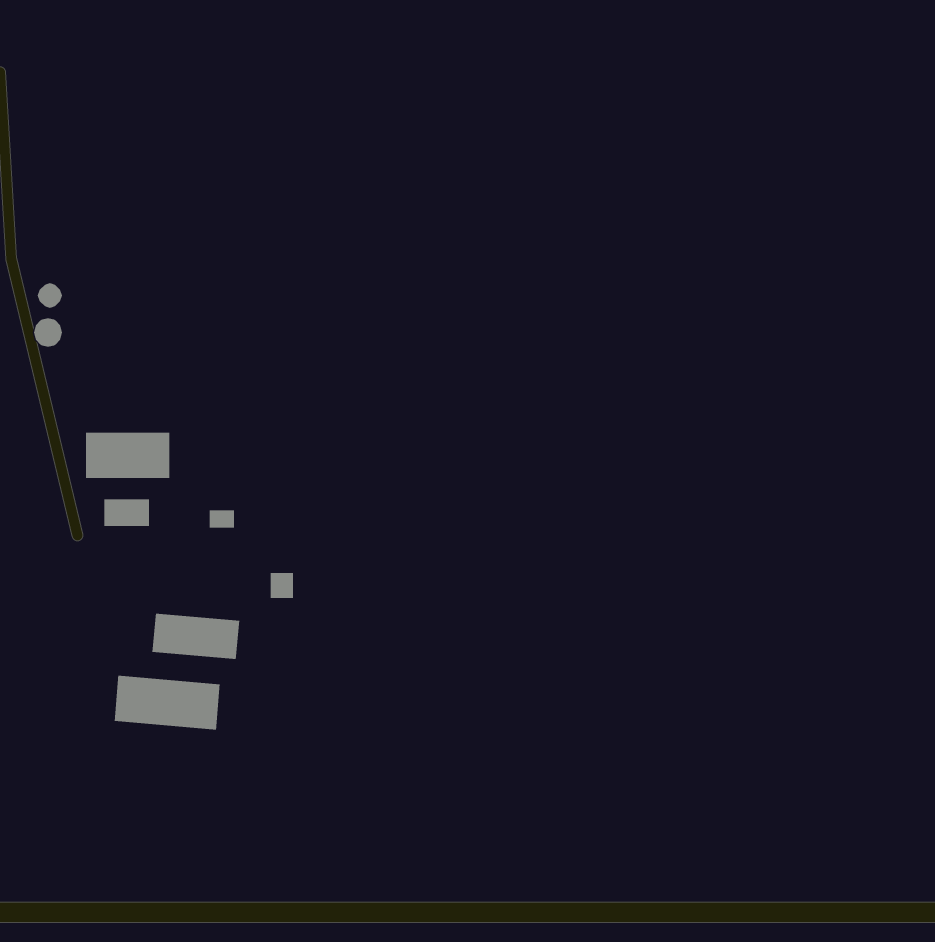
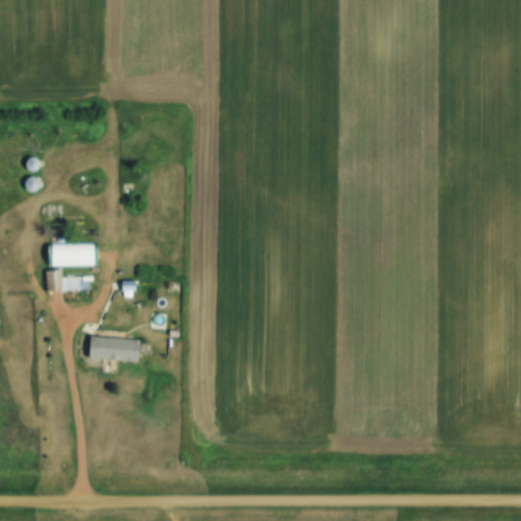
building: [114,675,220,730] -> none

